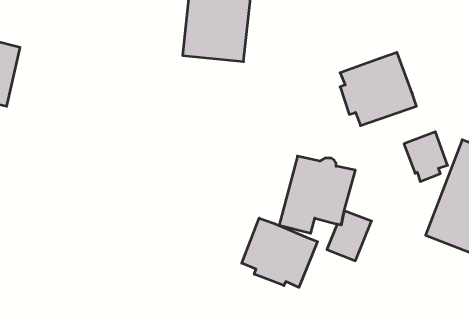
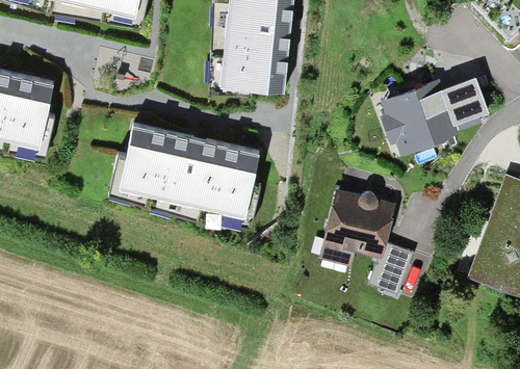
building: none -> [120,122,260,212]
building: [404,132,448,181] -> [444,84,489,135]
building: [242,218,318,287] -> none

